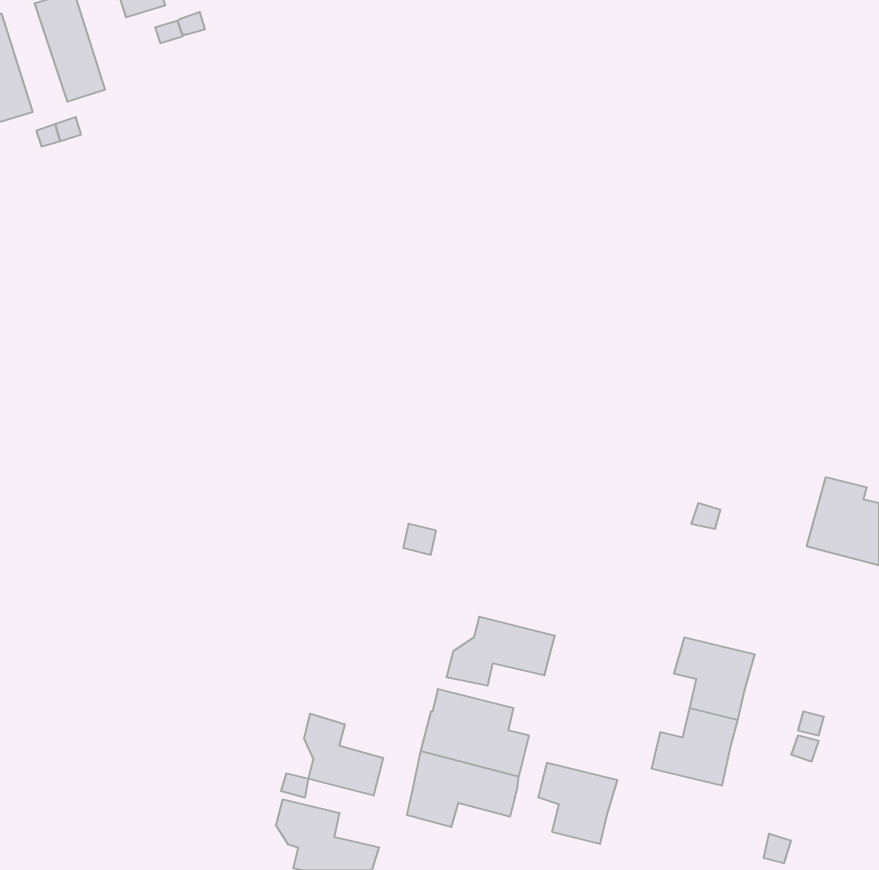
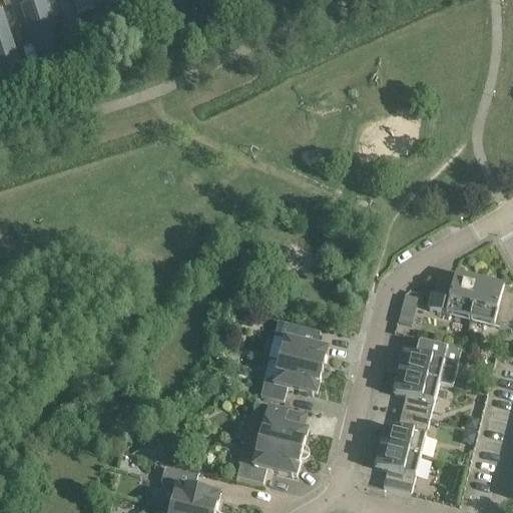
building: none -> [429,272,480,318]
building: none -> [275,320,329,370]
building: none -> [398,337,461,386]
building: [304,714,383,796] -> none
building: [538,763,617,844] -> [374,447,420,494]

